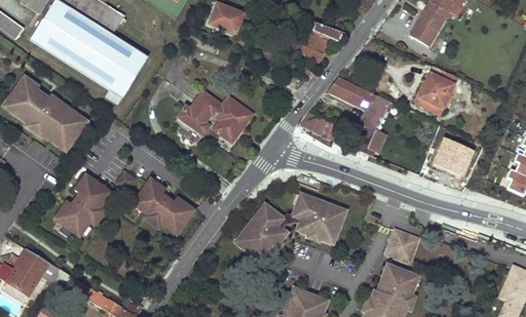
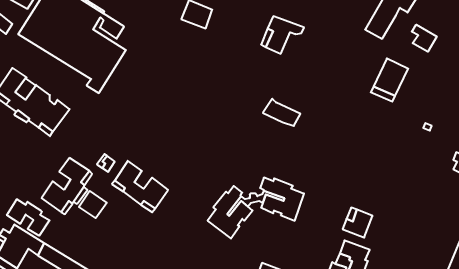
building: none -> [412,25,437,52]
building: [328,76,388,153] -> none
building: [178,90,252,142] -> none
building: [431,136,474,176] -> none
building: none -> [79,191,107,218]
building: none -> [7,199,50,236]

